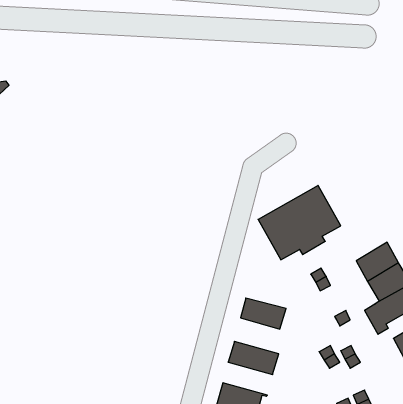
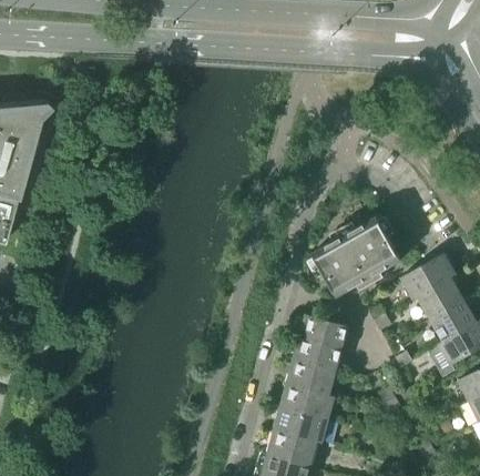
building: none -> [401,253,457,300]
building: none -> [300,314,349,348]
building: none -> [288,358,337,397]
building: none -> [276,406,329,442]

